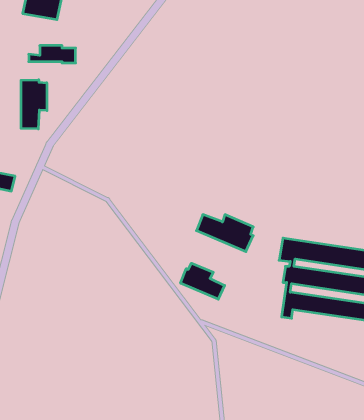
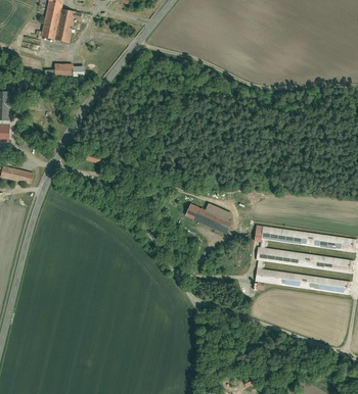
building: [21,80,47,129] -> none
building: [181,263,225,299] -> none

